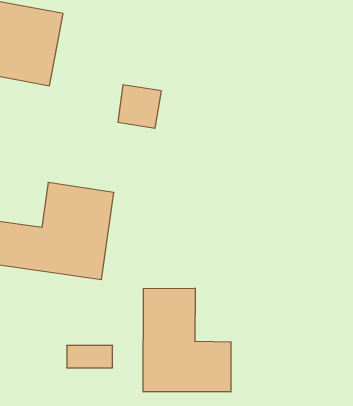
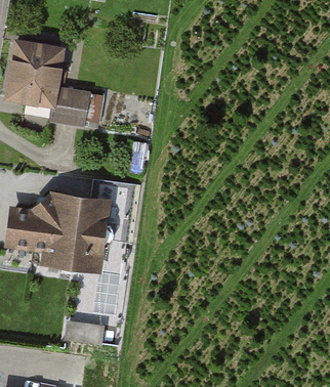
building: [118,85,161,128] -> [56,86,92,122]
building: [143,288,231,392] -> none

